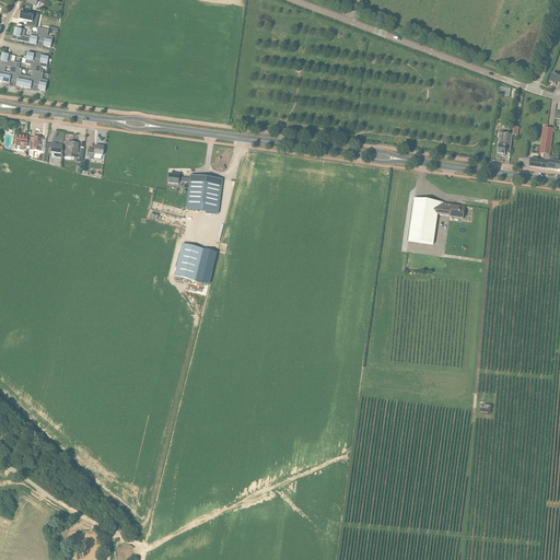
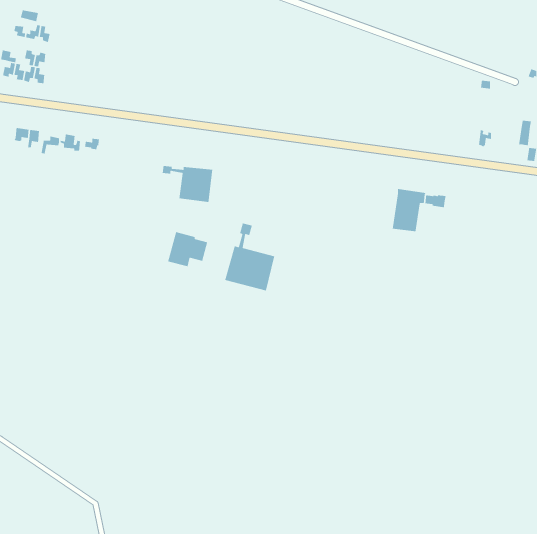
building: none -> [224,222,275,292]

